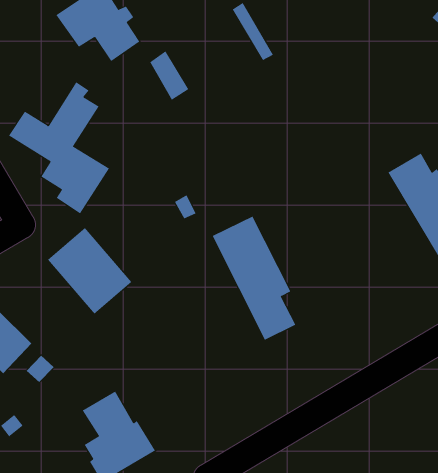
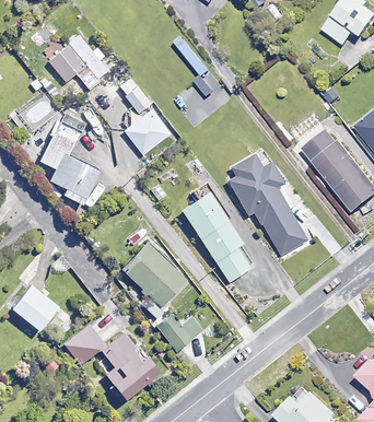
building: none -> [124,109,170,154]
building: none -> [227,154,307,255]
building: [47,227,132,314] -> [120,243,185,306]
building: none -> [156,313,201,350]
building: none -> [63,324,104,363]

